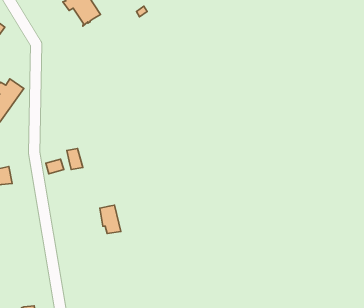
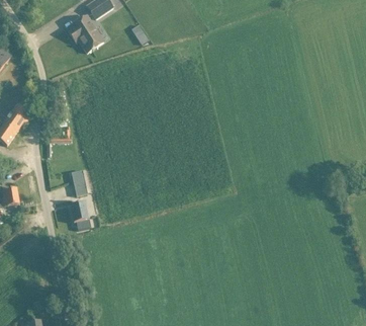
building: [100,205,121,234] -> [70,201,90,229]

